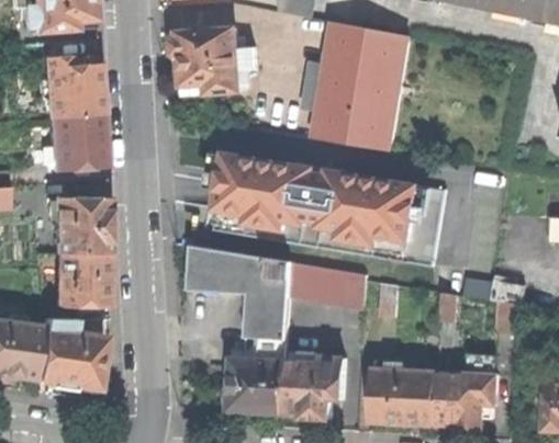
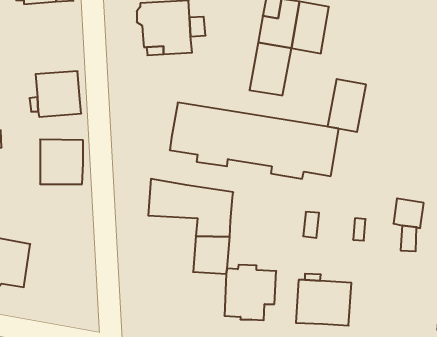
building: [42,56,100,118] -> none
building: [351,87,399,151] -> [328,79,366,132]
building: [55,253,105,306] -> none
building: [288,270,365,310] -> none
building: [34,318,101,389] -> none
building: [226,361,282,414] -> none
building: [433,373,496,431] -> none

